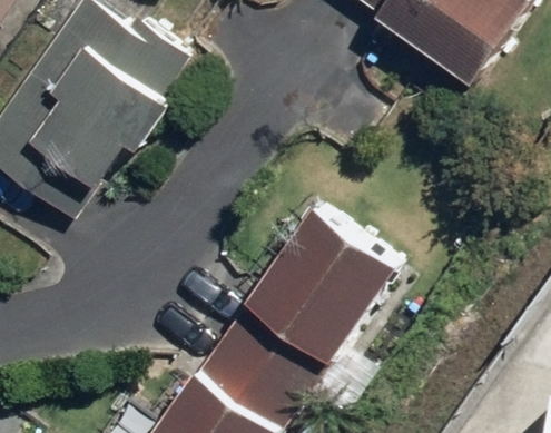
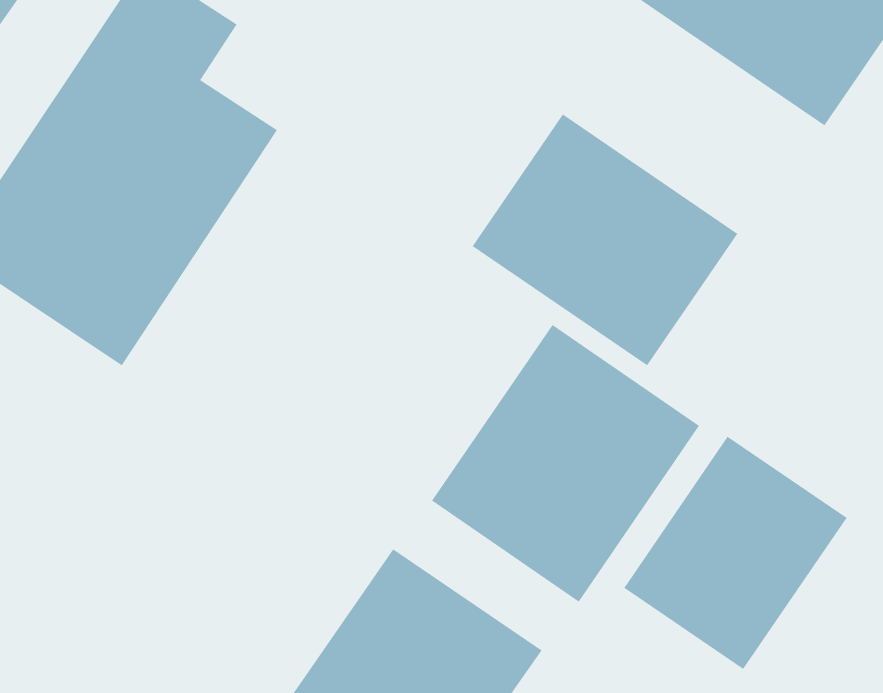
building: none -> [472,114,738,366]
building: none -> [623,436,847,670]

